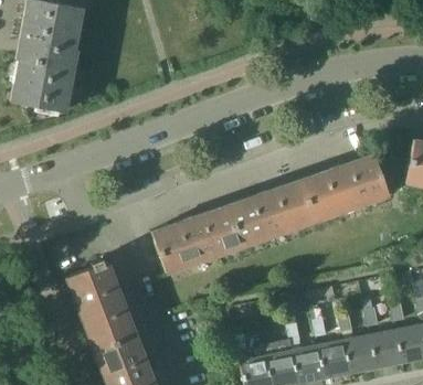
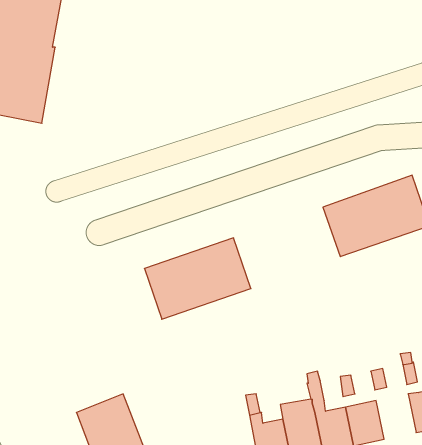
building: [226,180,315,247] -> none
building: [67,260,135,350] -> none
building: [345,334,378,372] -> none

